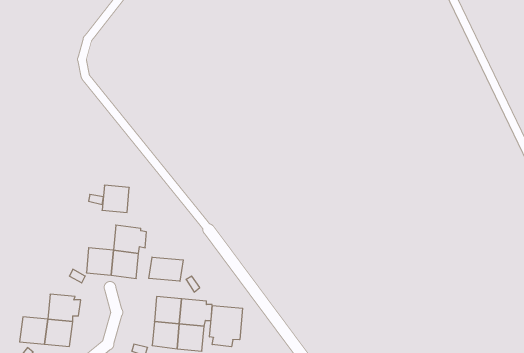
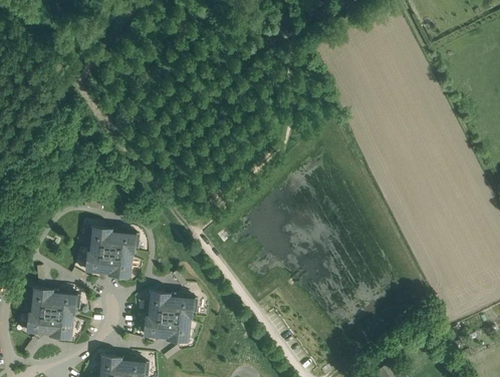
building: [102,185,129,212] -> [87,228,111,252]
building: [149,257,183,281] -> none
building: none -> [29,289,53,313]
building: [210,306,243,347] -> none

